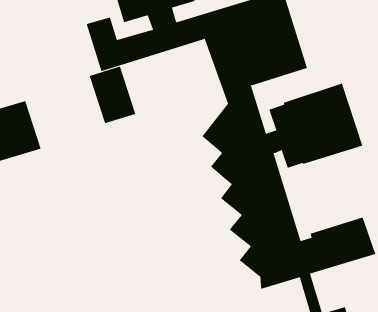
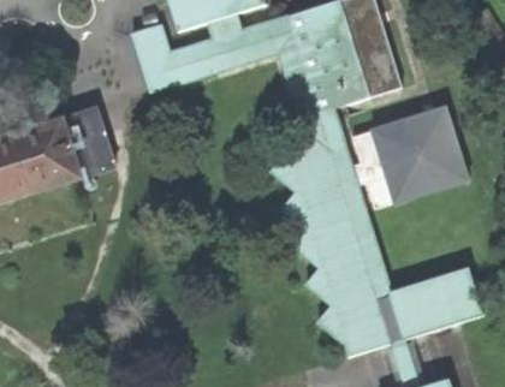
building: [89,66,136,124] -> [57,113,114,184]

